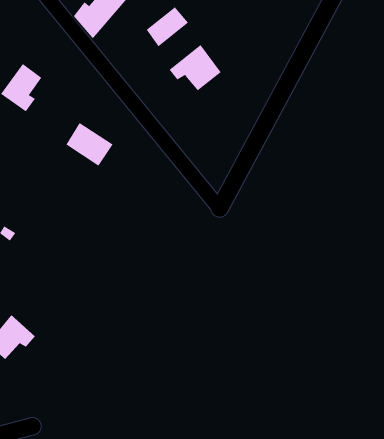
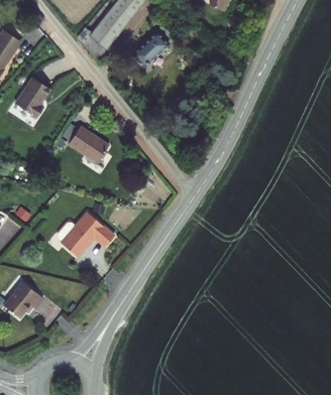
building: [169,44,221,91] -> none
building: none -> [59,206,116,252]

